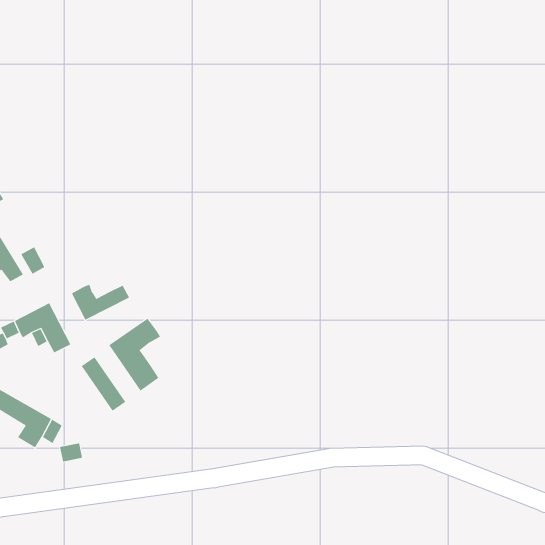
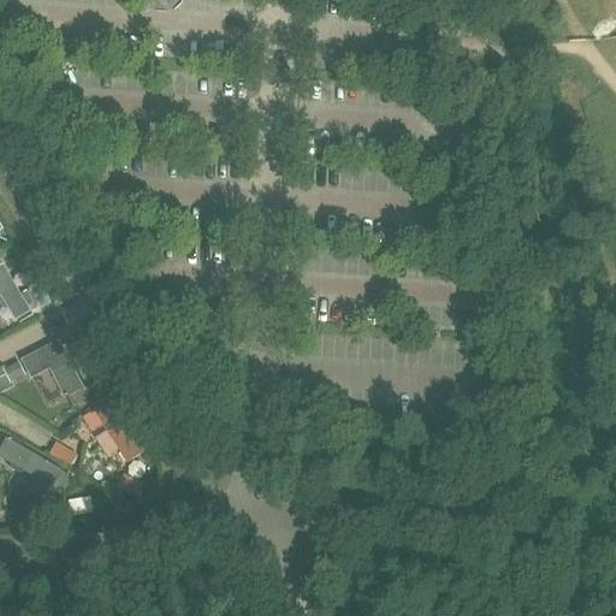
building: [71,284,130,321] -> none
building: [108,318,161,391] -> none

